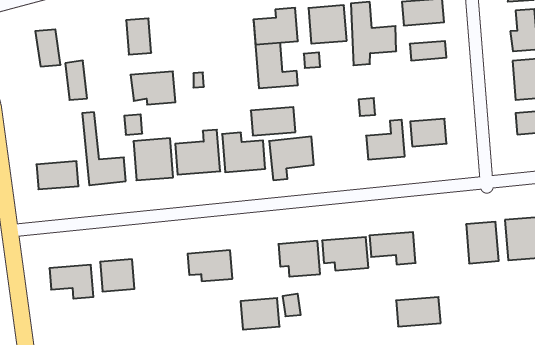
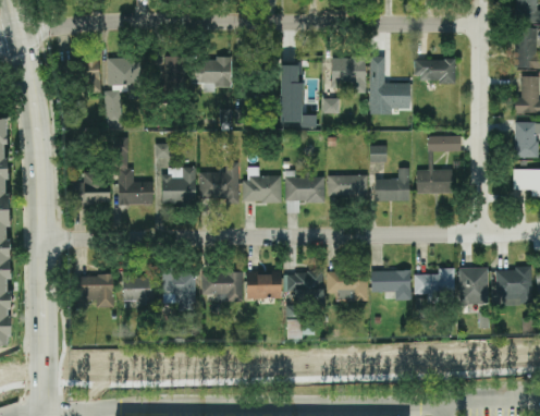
building: none -> [107,58,139,84]
building: [410,41,446,60] -> [427,136,459,151]
building: [130,71,175,105] -> [191,60,230,88]
building: [251,107,295,135] -> [328,175,367,198]
building: none -> [162,273,194,309]
building: [396,297,441,326] -> [415,271,454,295]
building: [241,298,280,330] -> [246,272,280,298]

